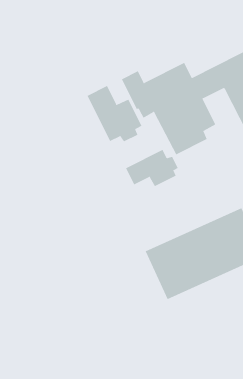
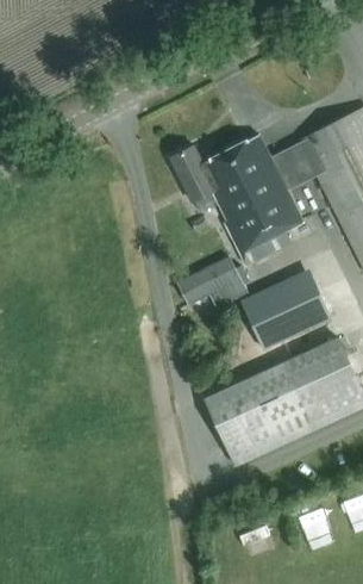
building: [87,85,142,142] -> none
building: none -> [245,280,332,350]

